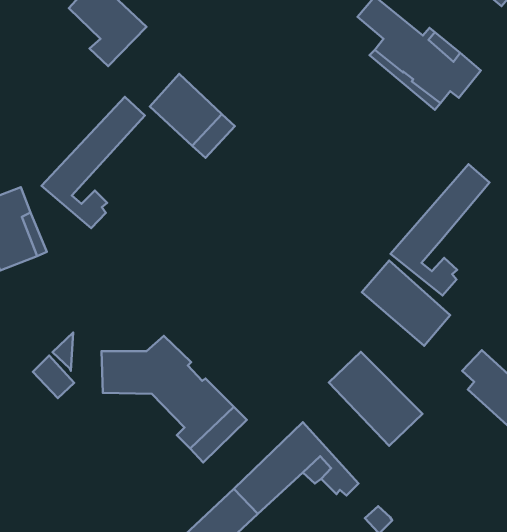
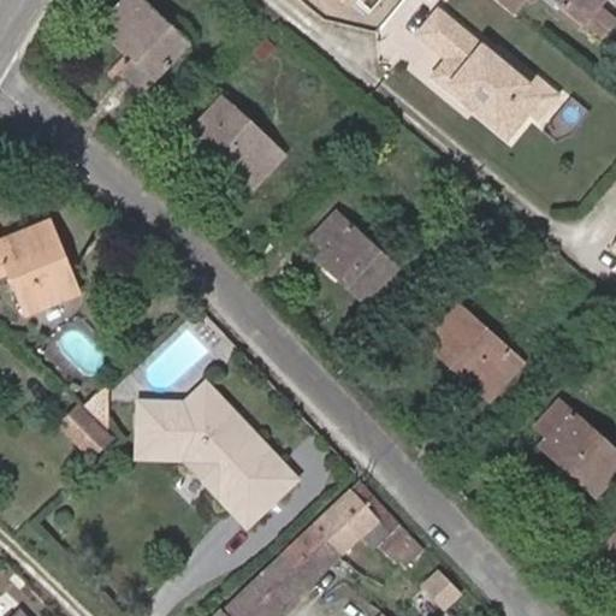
building: [41,97,145,228] -> none
building: [391,164,490,295] -> none
building: none -> [315,213,404,306]
building: [329,352,422,446] -> none
building: none -> [138,448,230,494]

